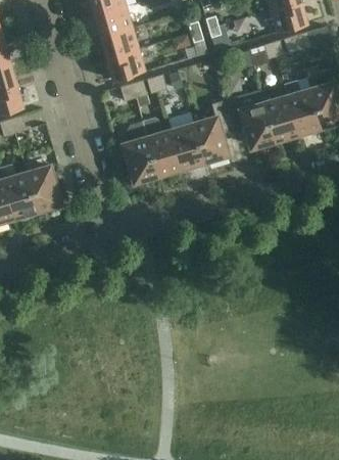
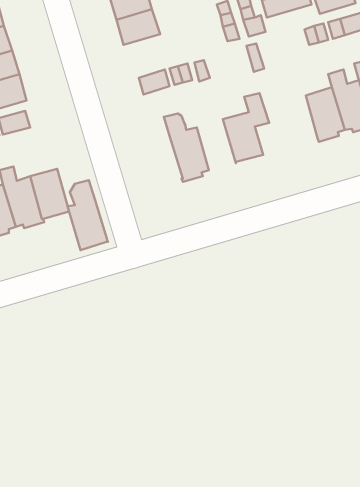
building: [107,49,145,80] -> none
building: [225,89,275,146] -> none
building: [124,121,158,181] -> [68,180,108,250]
building: [171,123,205,168] -> none

